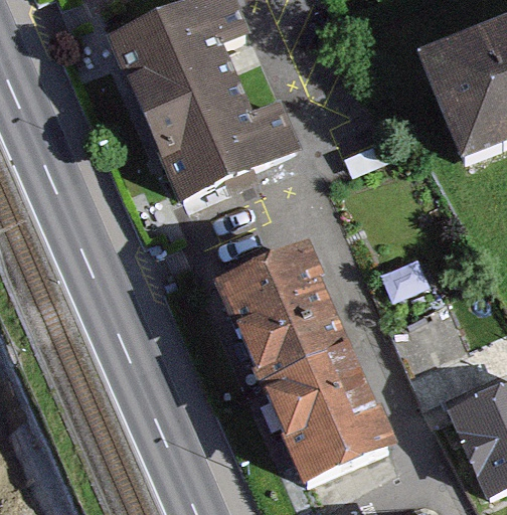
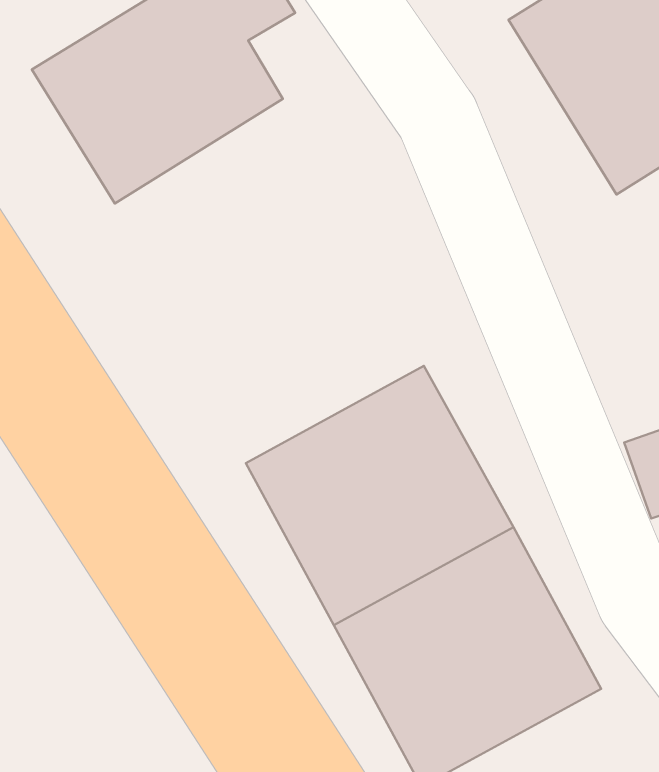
building: [150,82,316,204] -> none

